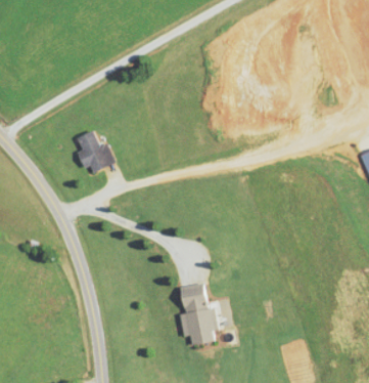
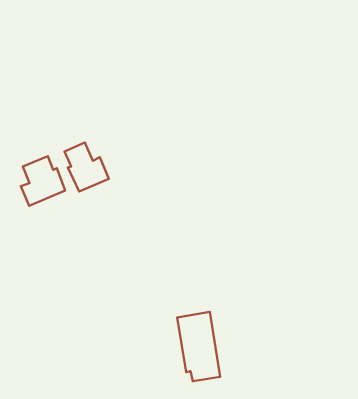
building: none -> [21,156,65,206]

